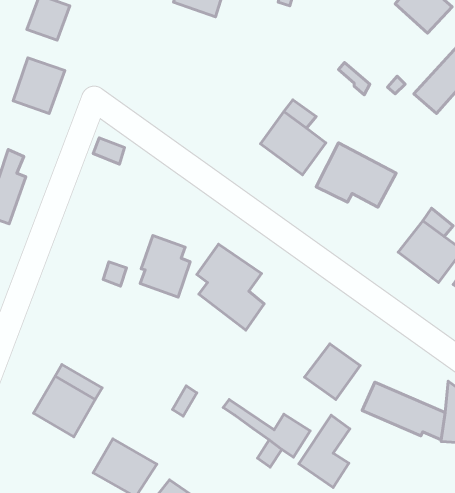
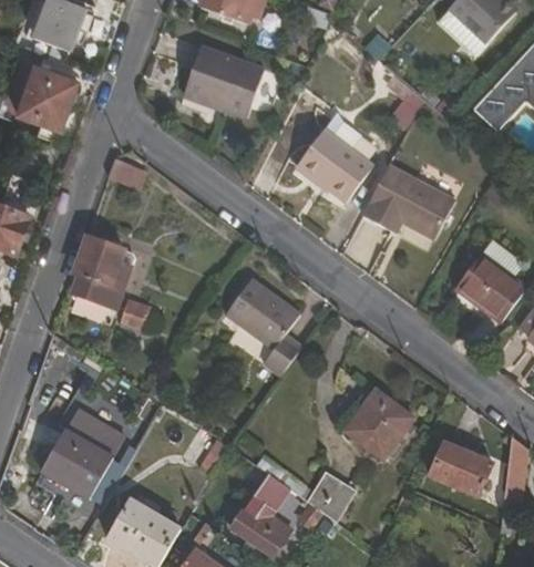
building: none -> [183,47,264,120]
building: [140,236,190,297] -> [72,238,129,308]
building: [299,415,350,487] -> [233,474,290,556]

